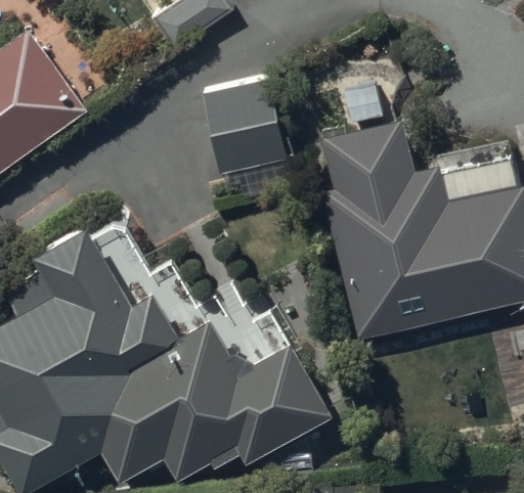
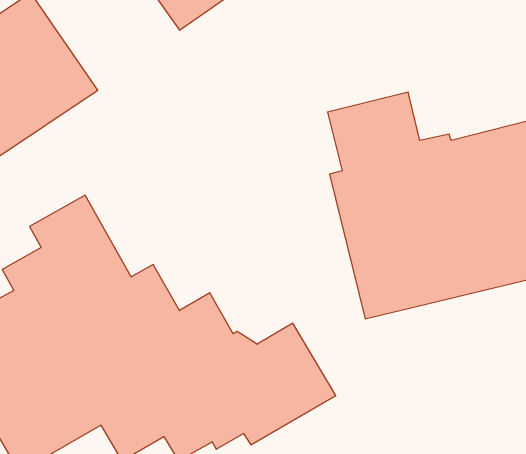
building: [199,76,281,173] -> none

